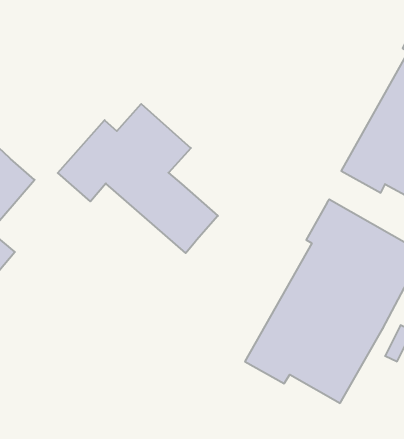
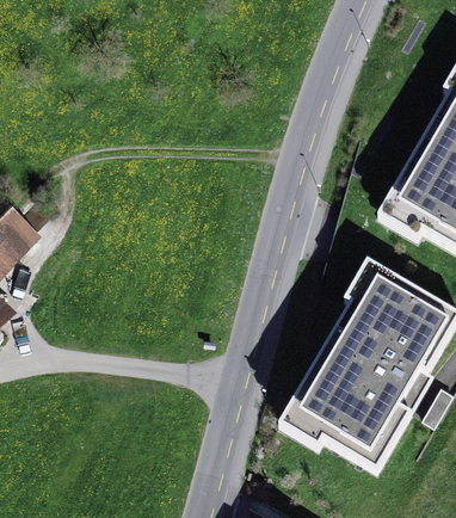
building: [58,104,218,253] -> none

